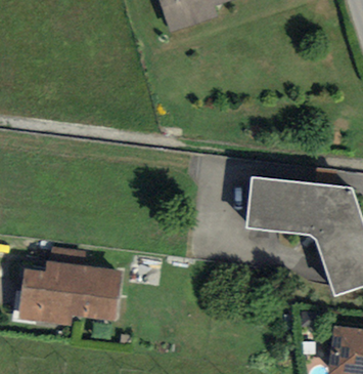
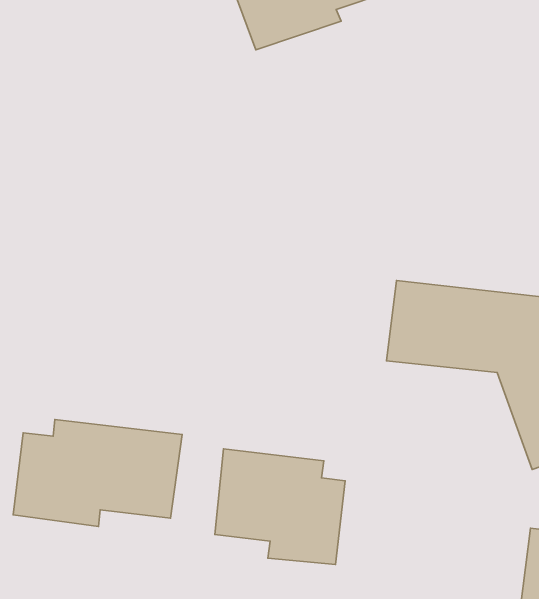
building: none -> [215,449,345,565]

